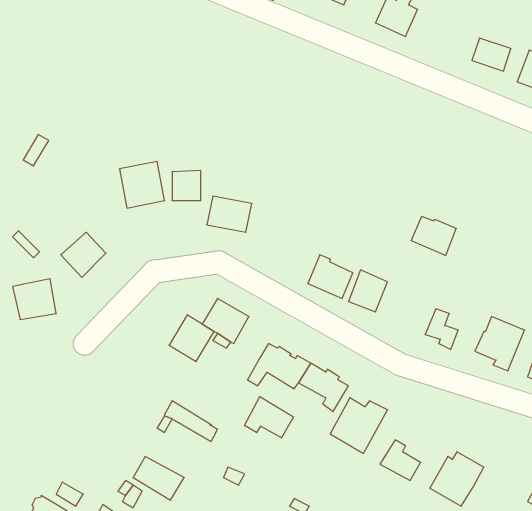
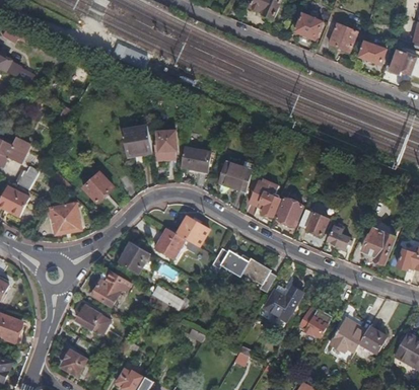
building: none -> [327,21,356,51]
building: none -> [218,160,253,190]
building: [411,216,456,256] -> [297,208,328,234]
building: none -> [118,240,149,272]
building: none -> [91,267,132,305]
building: [244,397,293,438] -> none
building: [133,456,184,500] -> [75,305,110,334]
building: none -> [359,325,387,353]

